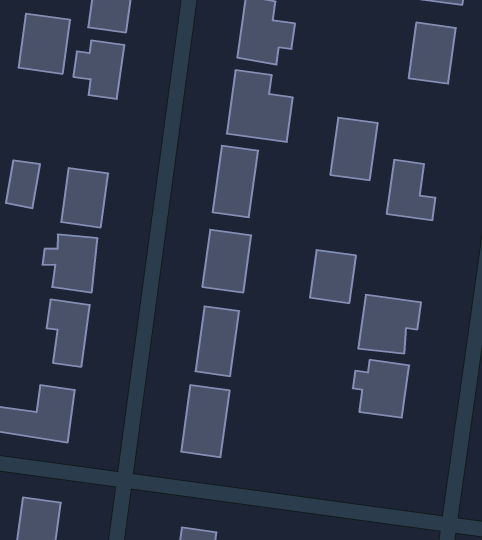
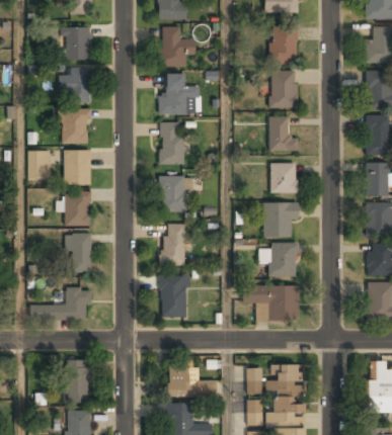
building: [18,14,70,74] -> [62,108,90,143]
building: [330,118,378,180] -> [271,71,297,107]
building: [310,250,356,303] -> [271,163,297,193]
building: none -> [244,286,298,321]

